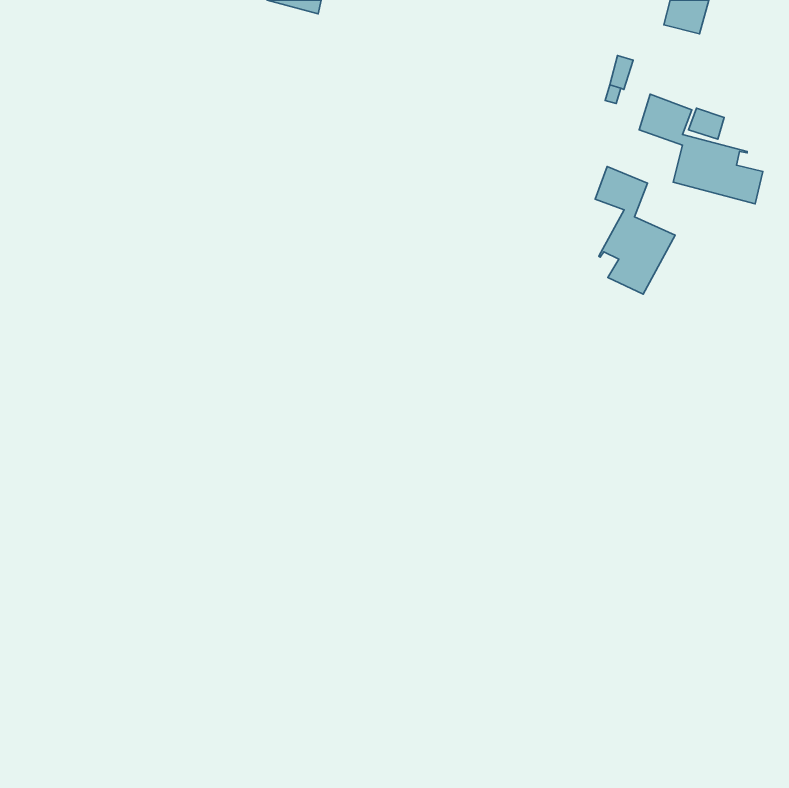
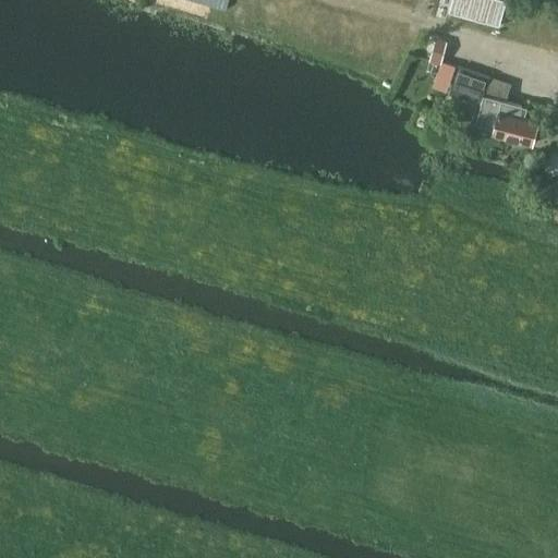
building: [595,166,675,294] -> none

